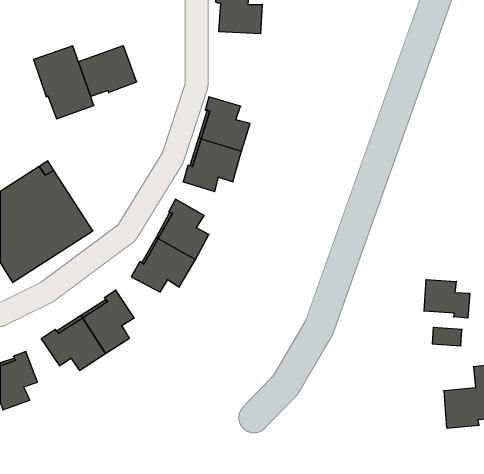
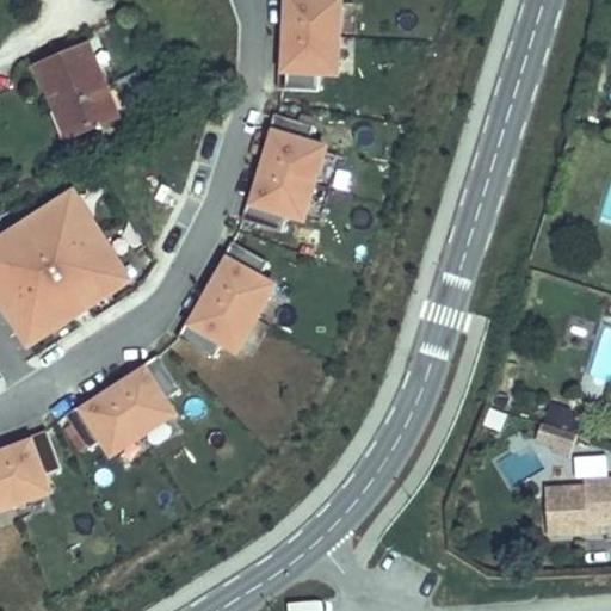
building: none -> [271,39,332,98]
building: [78,46,136,96] -> none
building: [424,279,470,318] -> none

